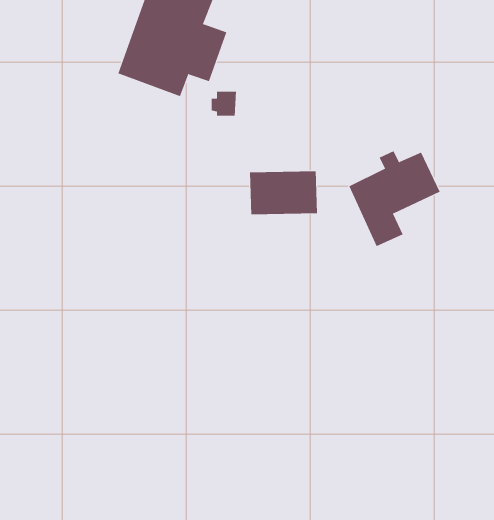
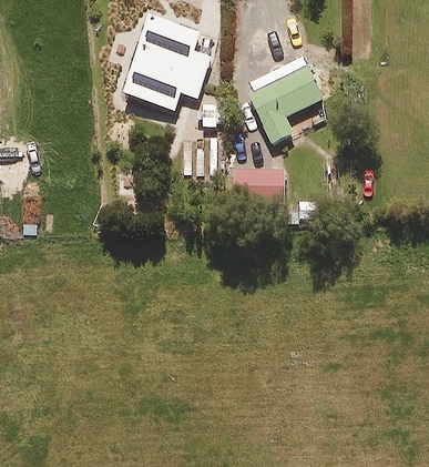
building: [349,151,441,247] -> [248,64,323,142]

